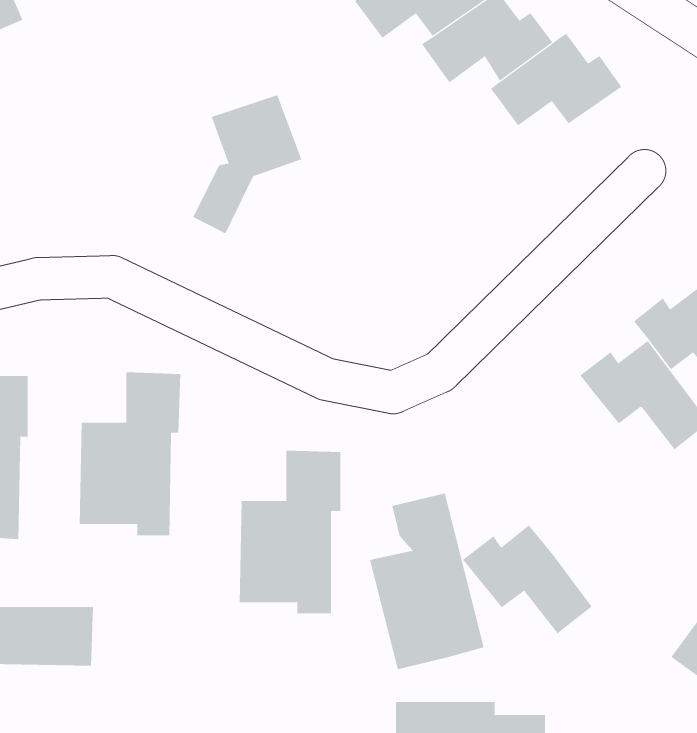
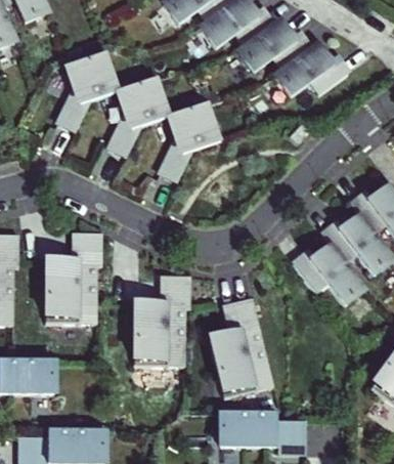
building: none -> [57,54,118,132]
building: none -> [160,104,220,181]
building: [462,524,593,634] -> [293,245,364,305]

